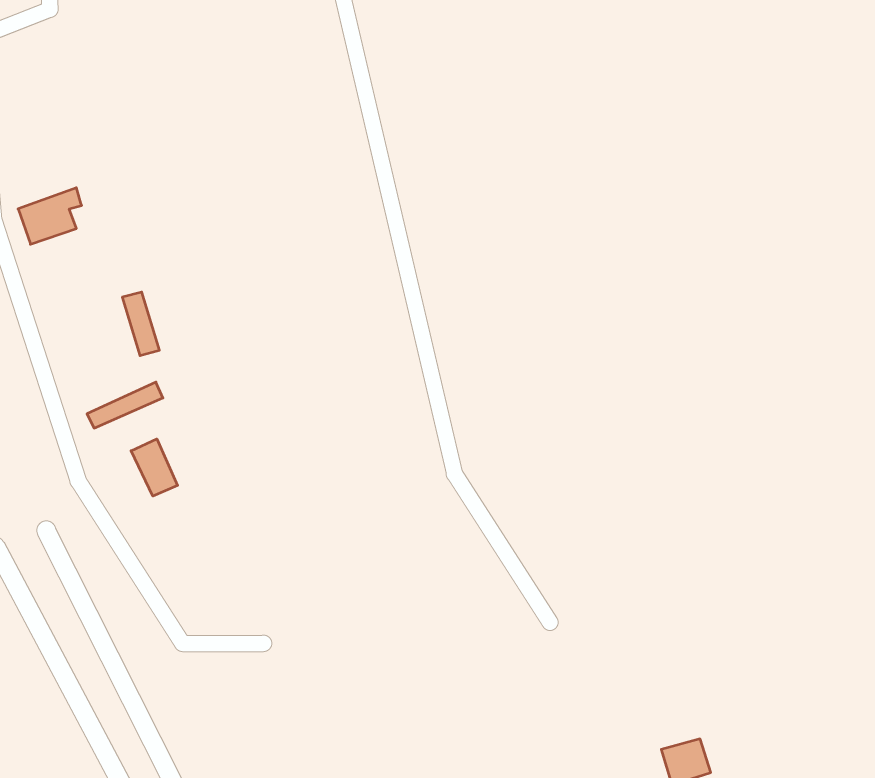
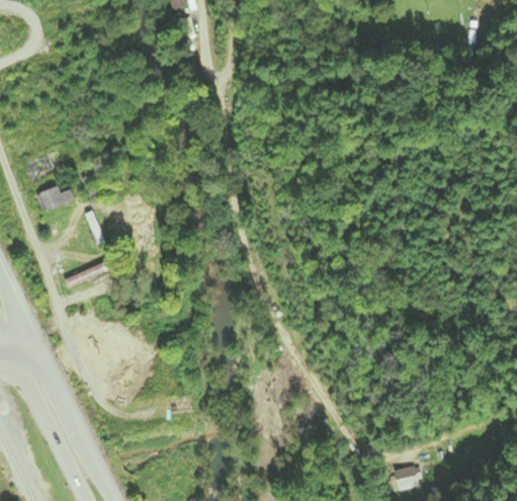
building: none -> [36,184,75,213]
building: [131,439,178,496] -> none

